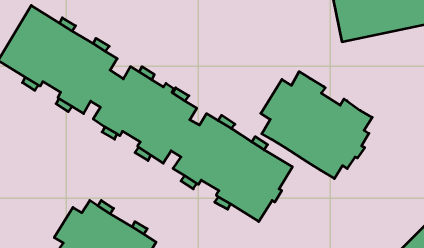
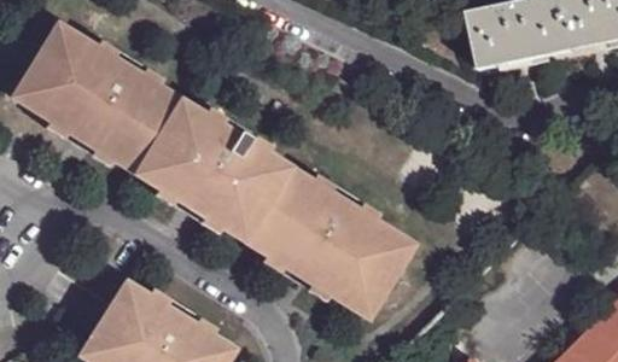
building: [261,72,372,179] -> none

